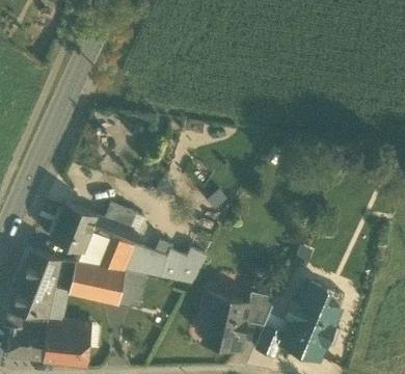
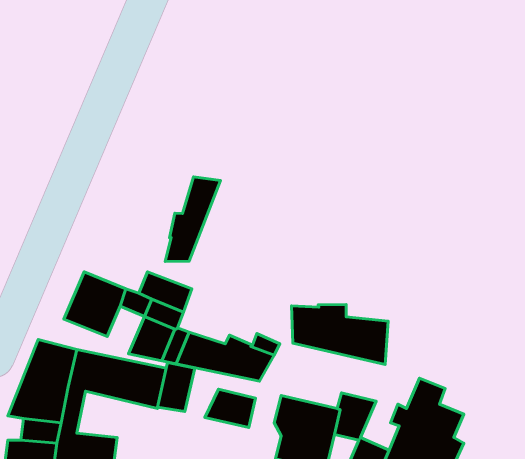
building: none -> [165,177,221,262]
building: none -> [291,304,388,365]
building: none -> [205,389,256,428]

